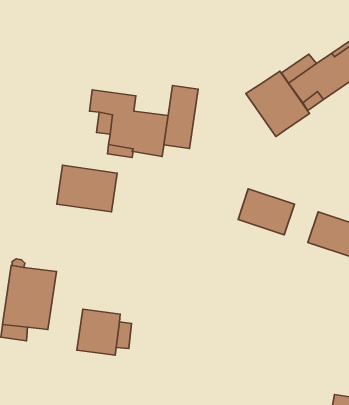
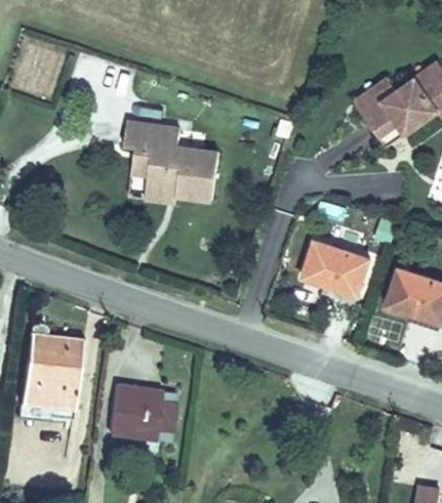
building: [246,71,310,136] -> none
building: [164,85,198,149] -> none
building: [57,165,117,212] -> none

